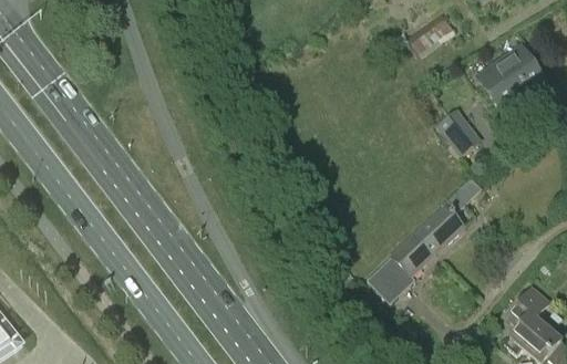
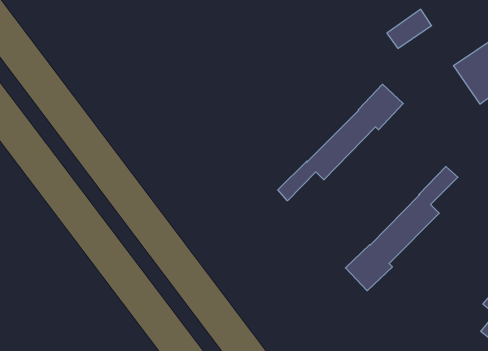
building: none -> [278,84,403,201]
building: [435,107,482,156] -> none

